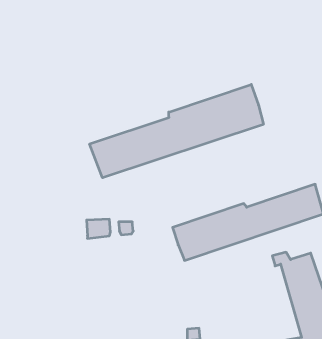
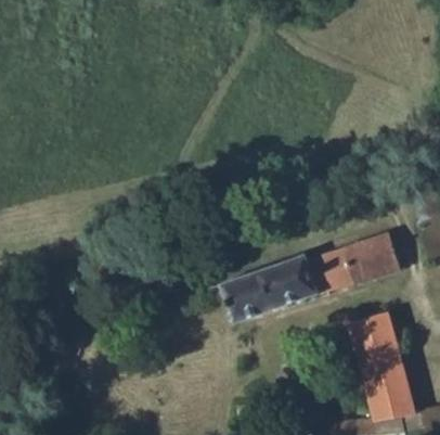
building: [90,84,263,178] -> none

